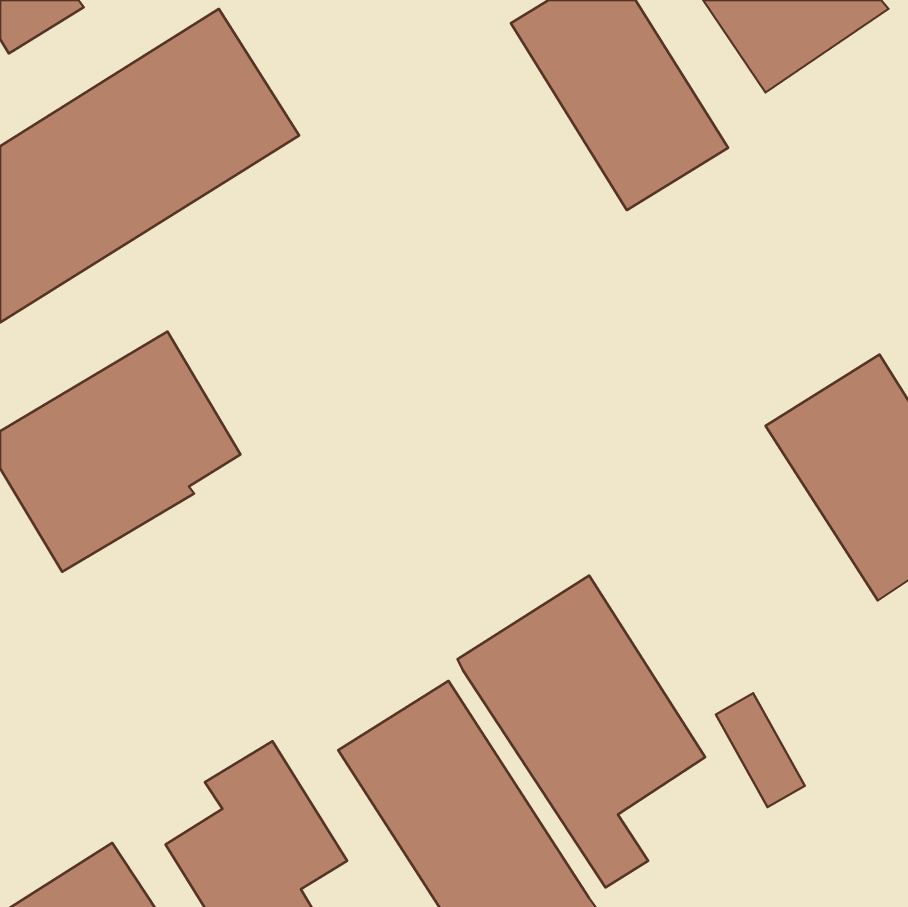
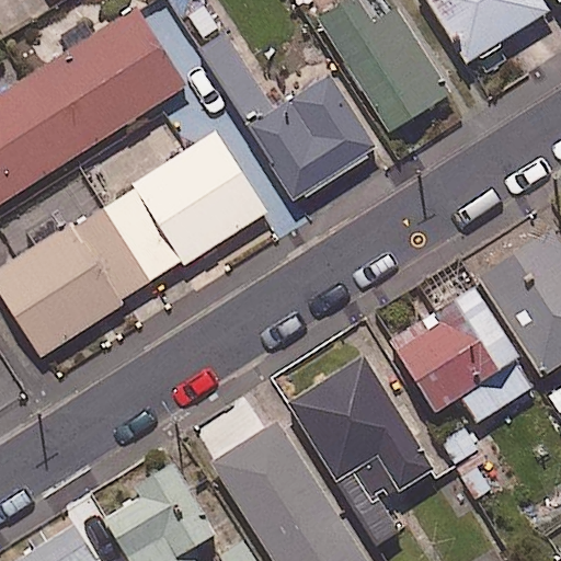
building: none -> [201,30,376,199]
building: none -> [104,136,264,282]
building: none -> [390,289,536,422]

